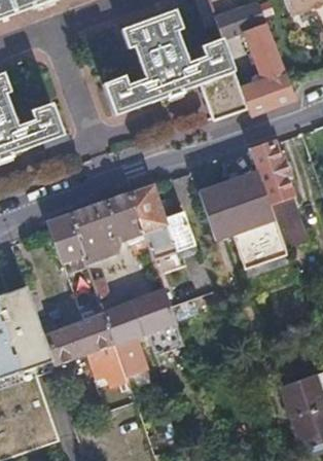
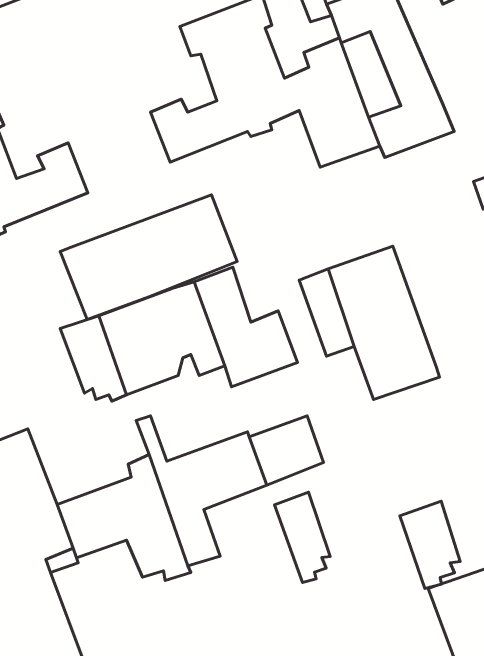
building: none -> [60,195,237,320]
building: [250,140,309,246] -> none
building: none -> [274,492,330,582]
building: none -> [400,501,460,588]

